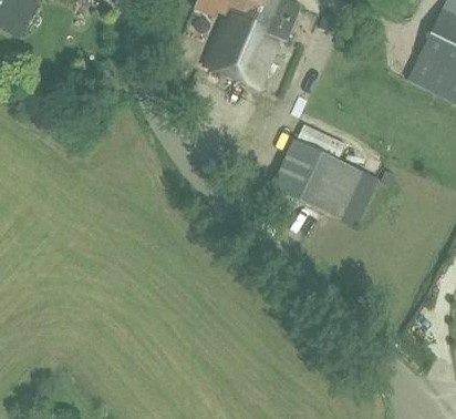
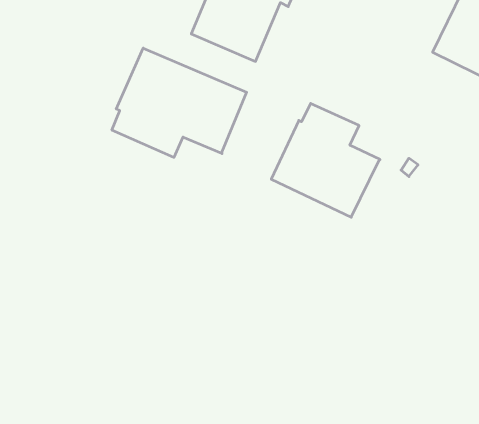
building: none -> [112,48,247,157]
building: [339,172,379,227] -> none

